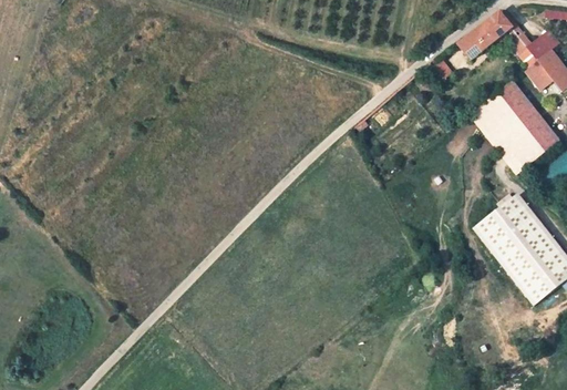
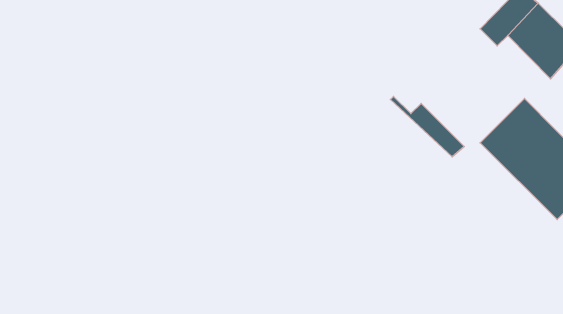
building: [475,112,536,175] -> [390,97,464,157]

